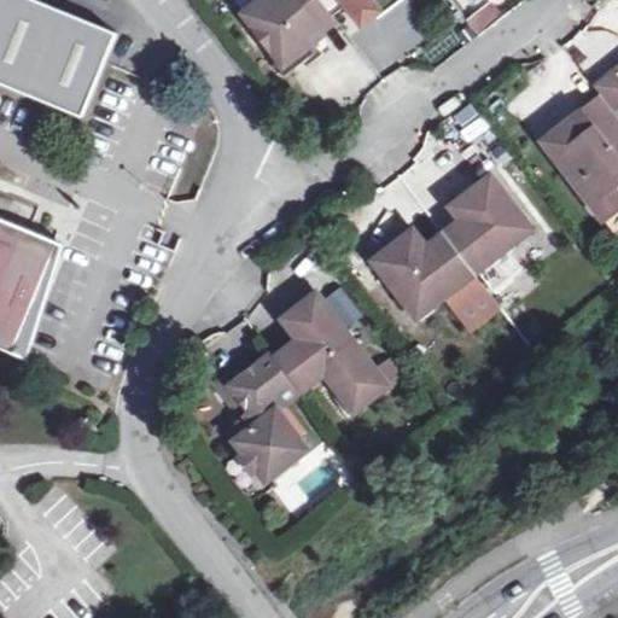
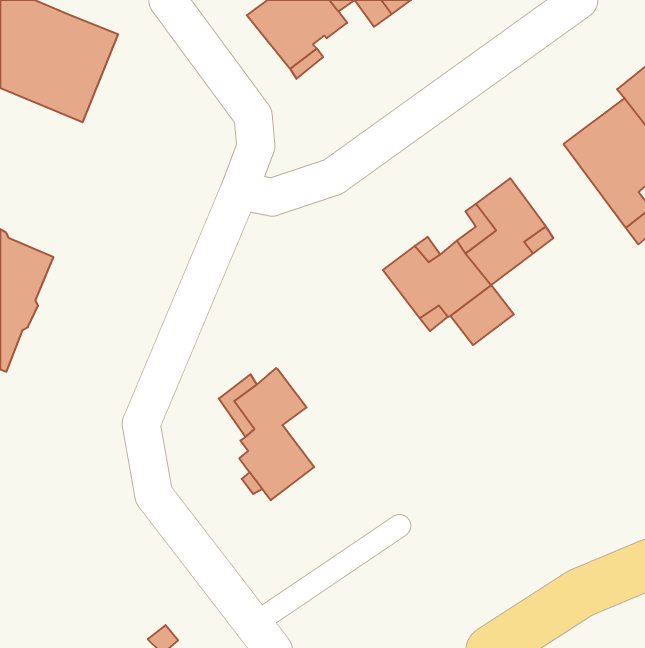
building: [268,288,381,407] -> none

